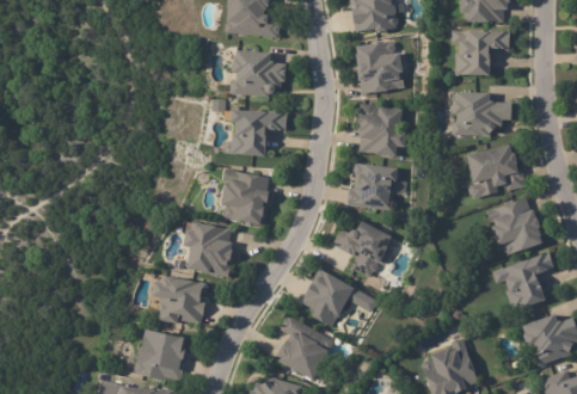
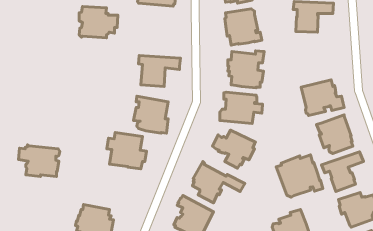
building: [232,51,289,98] -> [79,6,118,38]
building: [452,92,512,135] -> none
building: none -> [276,155,323,197]
building: [148,277,209,324] -> [19,145,60,176]

